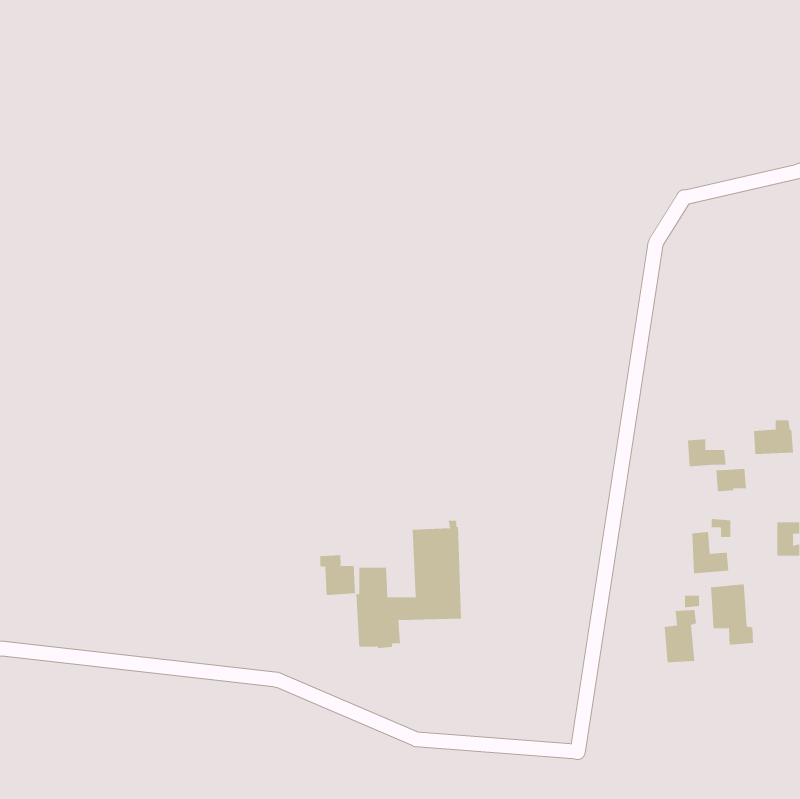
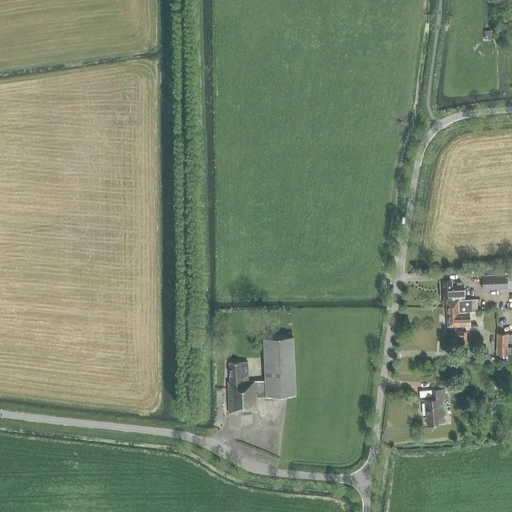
building: [692,532,729,574] -> [446,301,470,328]
building: [320,554,355,596] -> none
building: [710,584,754,645] -> none

